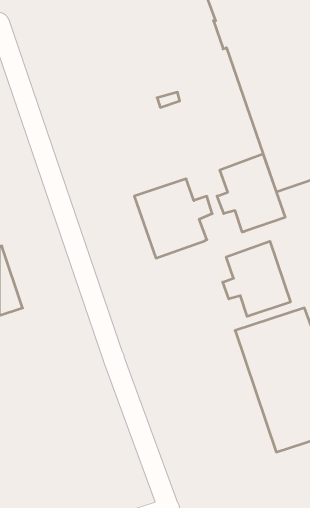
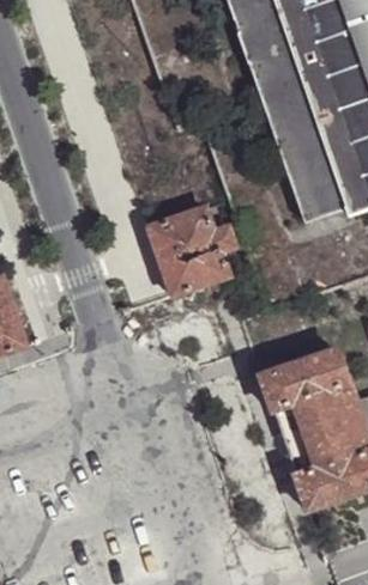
building: [217,154,285,232] -> none
building: [223,241,290,316] -> none

